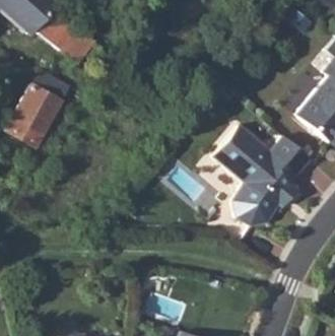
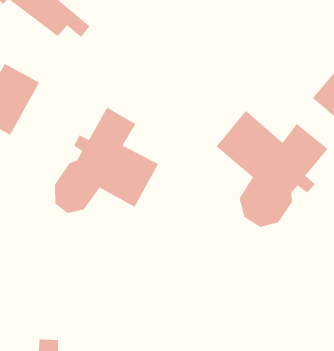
building: none -> [54,107,159,214]

